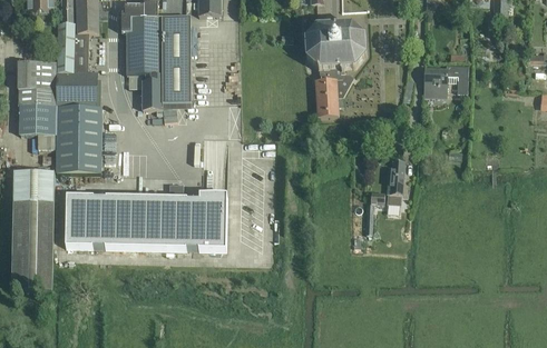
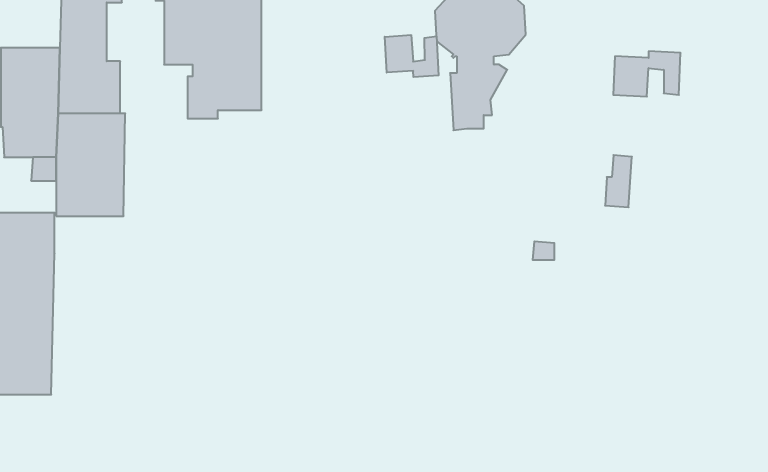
building: none -> [385,35,439,77]
building: [387,160,404,195] -> [605,155,632,207]
building: [65,195,226,250] -> none

